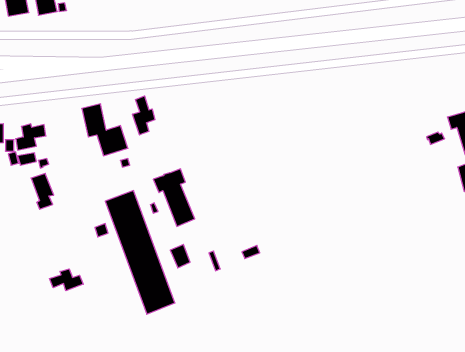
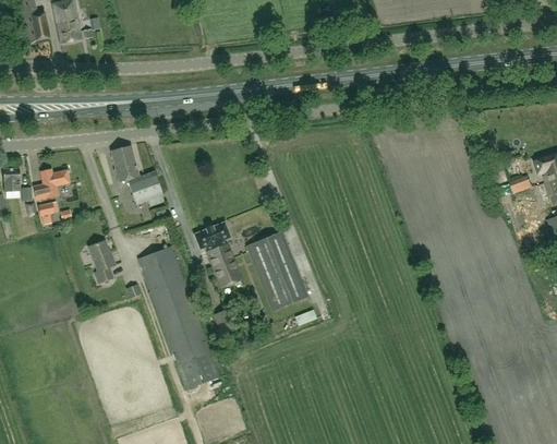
building: [133,96,155,135] -> none
building: [31,173,54,209] -> [89,241,116,283]
building: none -> [246,232,308,311]
building: [50,269,83,291] -> none

